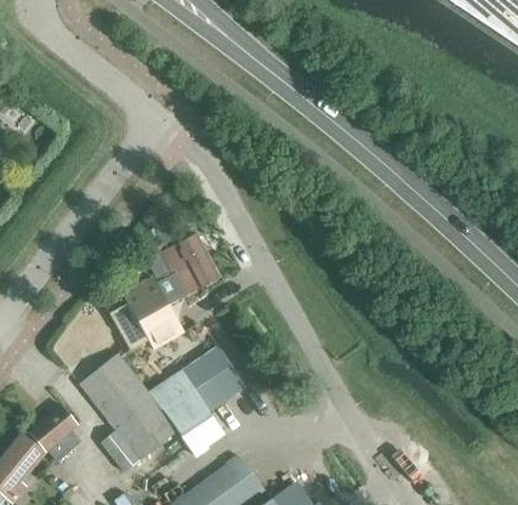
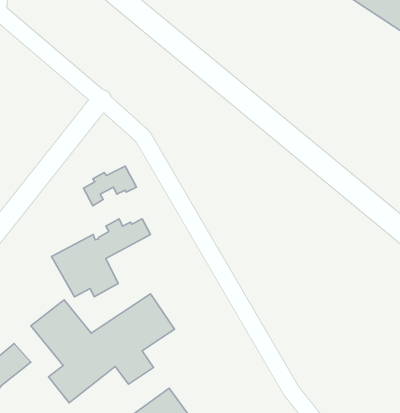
building: [147,234,209,280] -> [83,166,137,206]

